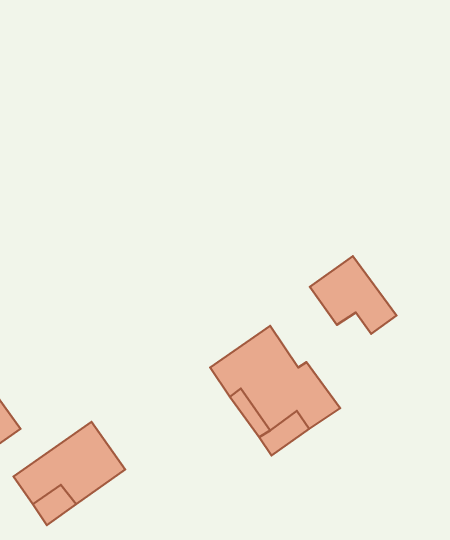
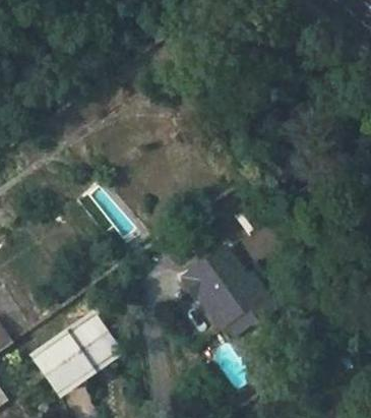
building: [310,256,396,334] -> none

